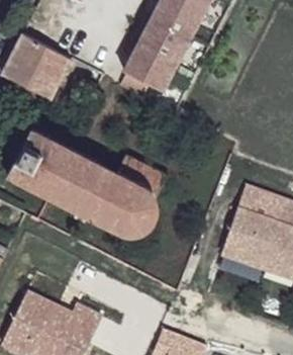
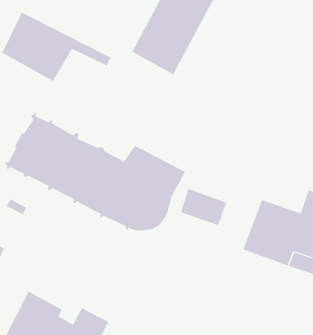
building: [240,184,283,218] -> [180,188,227,226]

